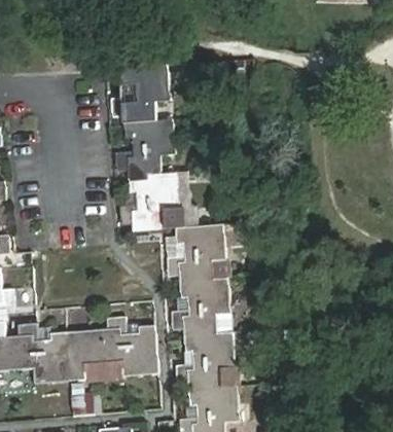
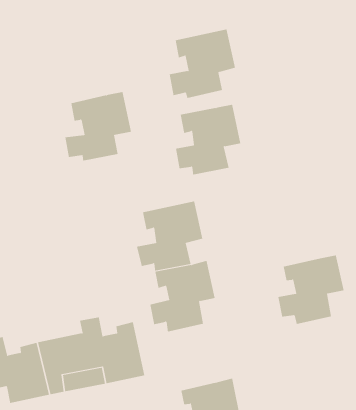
building: [110,64,171,121] -> [169,29,236,98]
building: [119,172,179,230] -> [175,104,241,175]
building: [175,333,236,391] -> [278,255,345,324]

